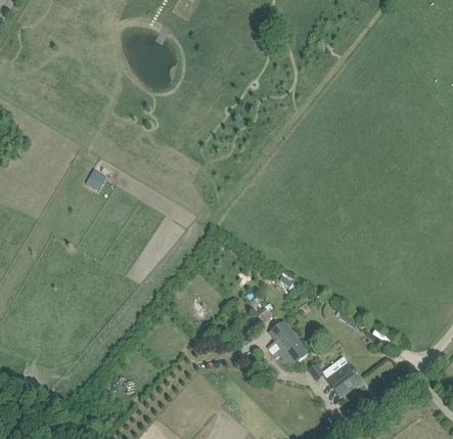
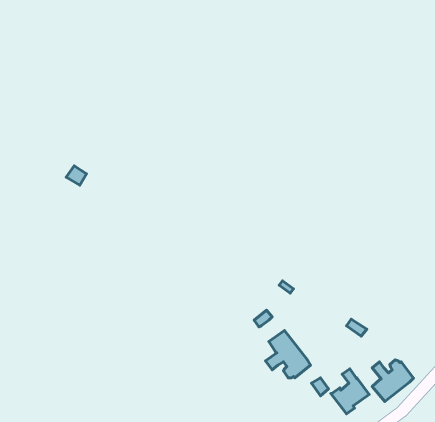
building: none -> [372,360,414,402]

